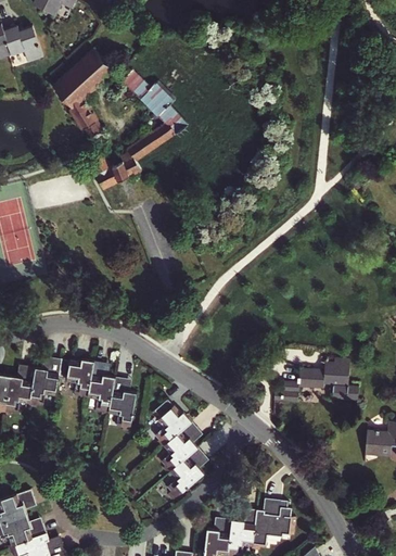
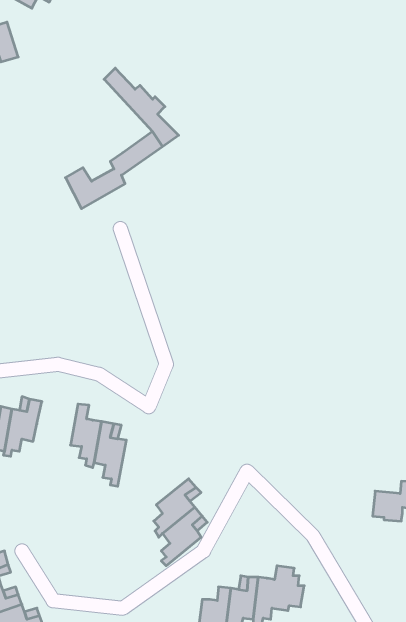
building: [50,49,110,138] -> none
building: [62,357,98,399] -> none
building: [276,358,360,402] -> none
building: [154,402,194,450] -> none

